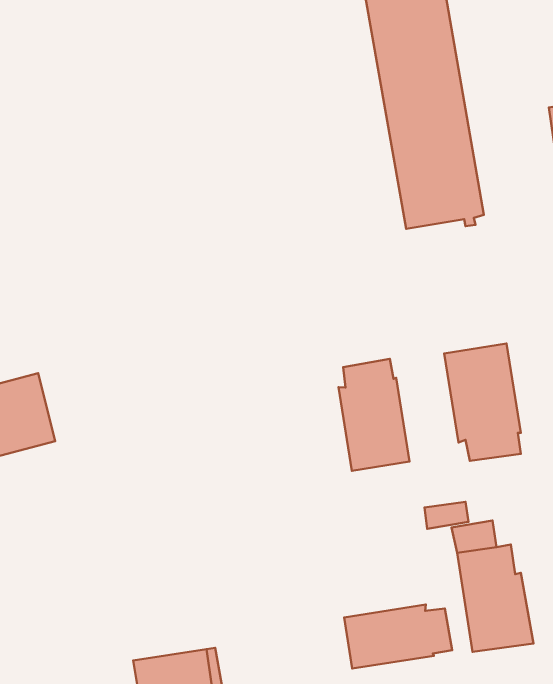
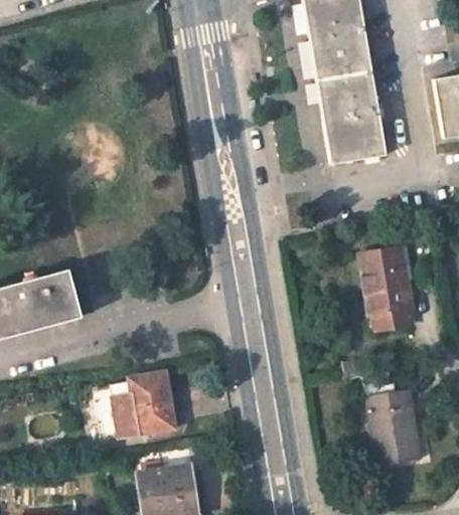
building: [339,359,409,471] -> none
building: none -> [94,371,177,442]
building: [344,605,452,669] -> none

